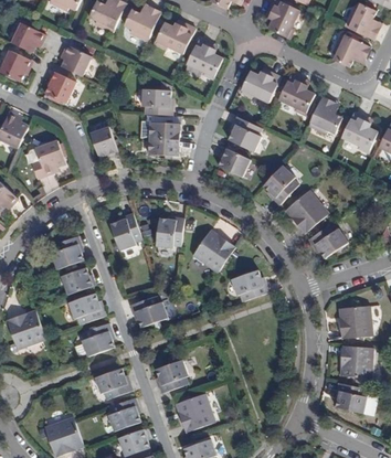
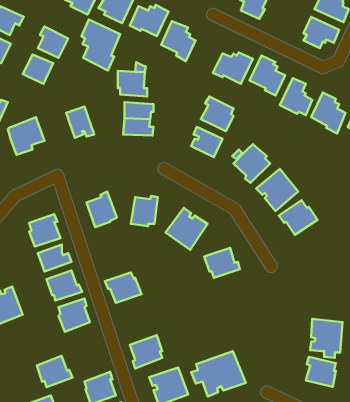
building: none -> [81,20,120,71]
building: [338,306,372,343] -> none
building: [96,368,133,400] -> [37,356,72,387]
building: none -> [191,351,246,396]

